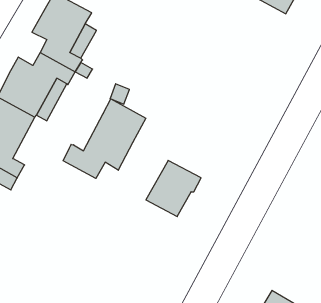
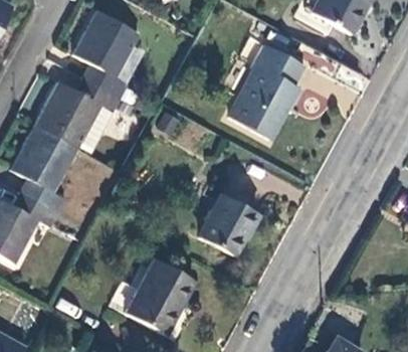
building: none -> [230,43,307,140]
building: [63,99,146,178] -> none
building: none -> [126,258,196,335]

